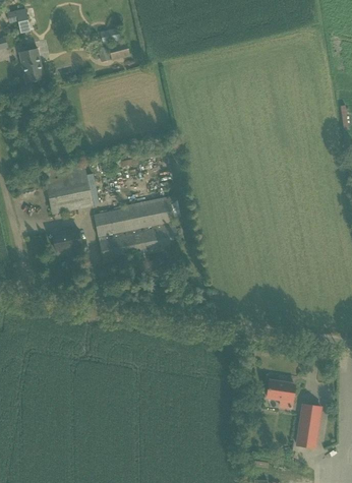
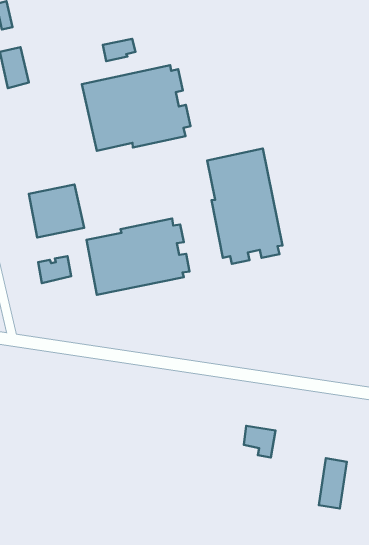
building: none -> [82,65,191,151]
building: none -> [207,149,282,264]
building: [268,380,295,408] -> [244,426,276,458]

